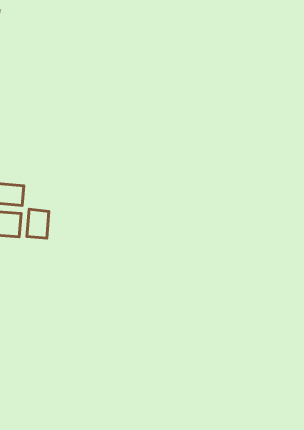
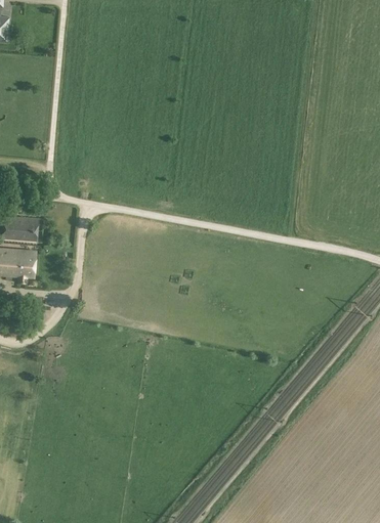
building: [27,209,49,238] -> none

